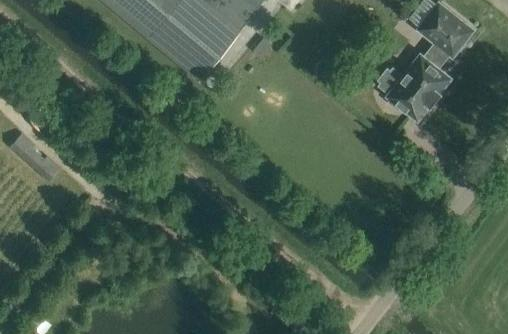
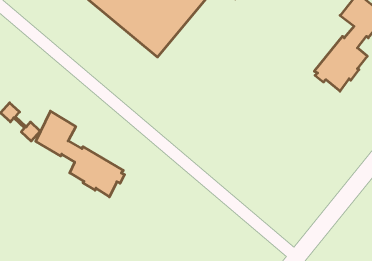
building: none -> [36,111,125,197]

